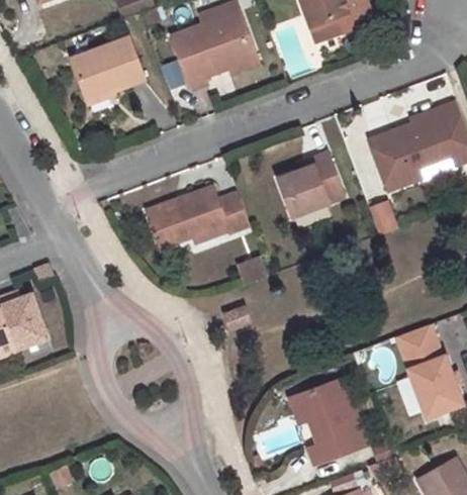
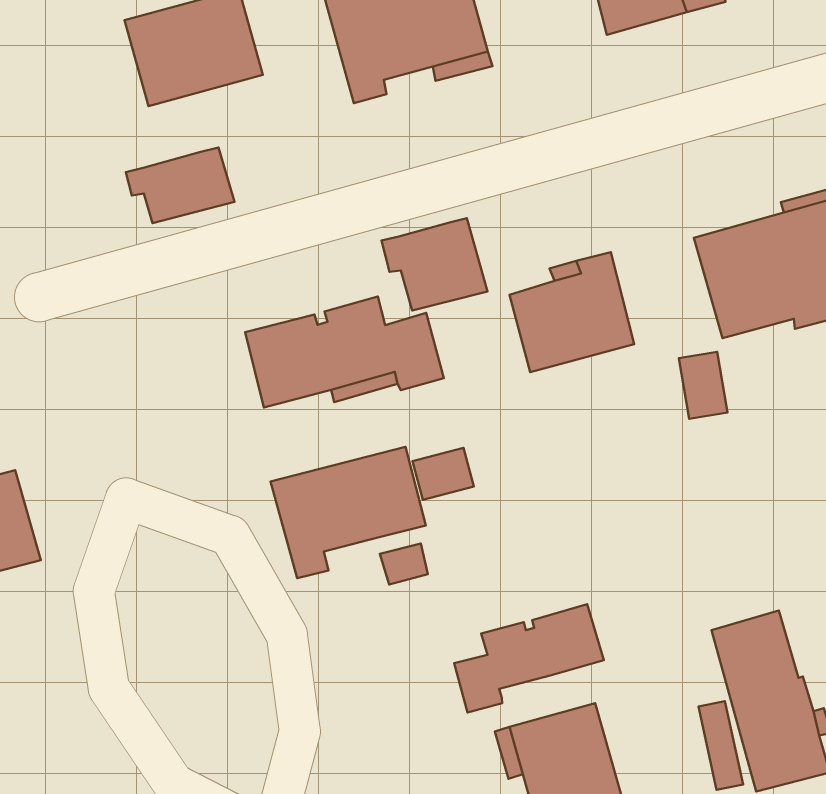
building: none -> [126,147,234,223]
building: none -> [381,218,487,311]
building: none -> [271,447,426,578]
building: none -> [454,604,604,712]

